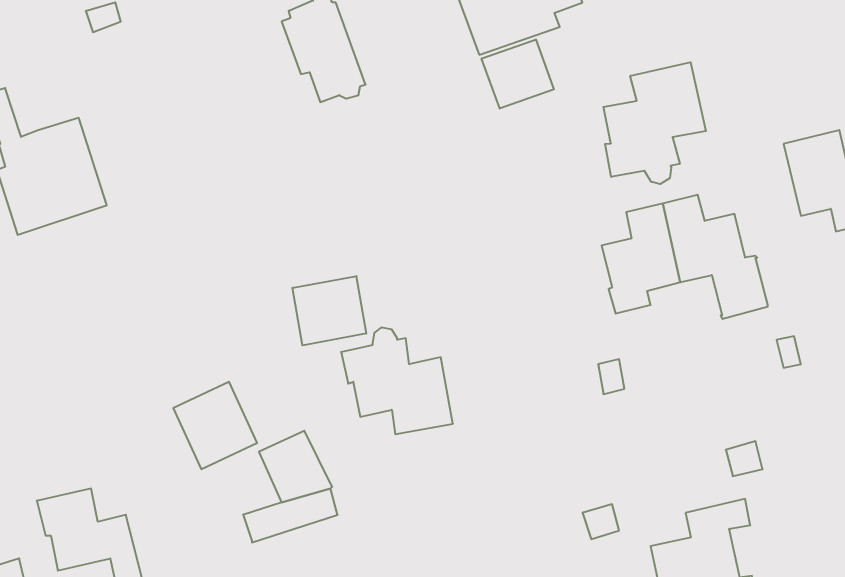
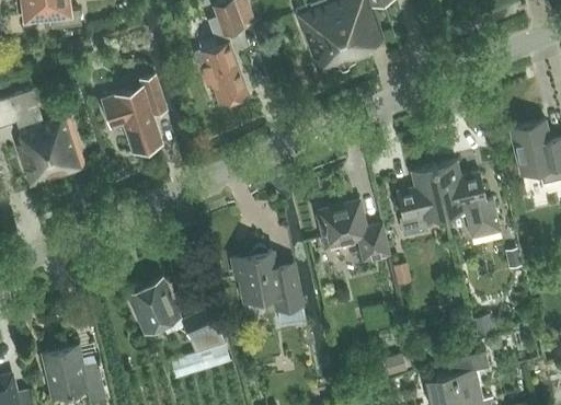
building: [482,39,554,109] -> none
building: none -> [101,74,167,152]
building: [603,62,706,184] -> none
building: none -> [318,201,389,259]
building: [292,276,366,345] -> none

